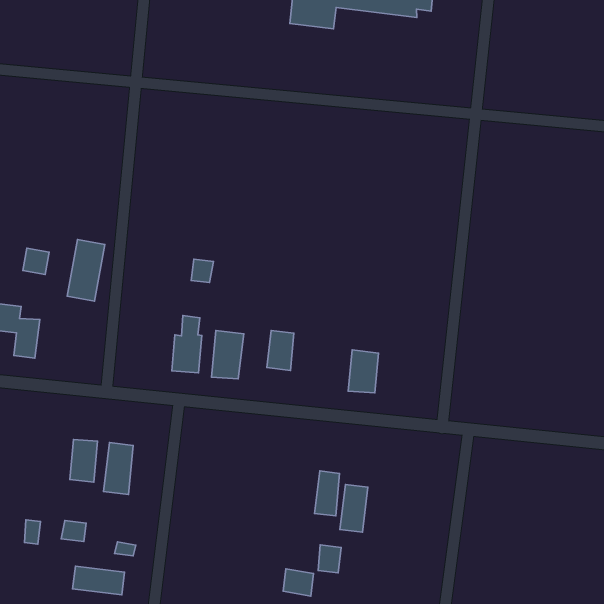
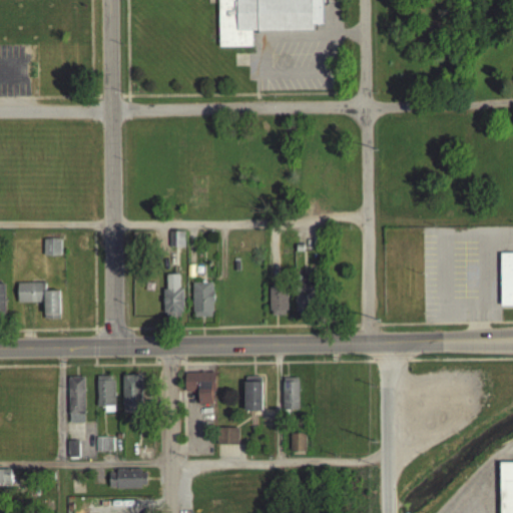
building: [67,239,105,301] -> none
building: [267,331,294,371] -> [271,287,289,315]
building: none -> [69,377,86,422]
building: none -> [185,371,215,405]
building: [340,484,368,532] -> [245,377,263,411]
building: [283,569,313,596] -> [218,427,239,445]

